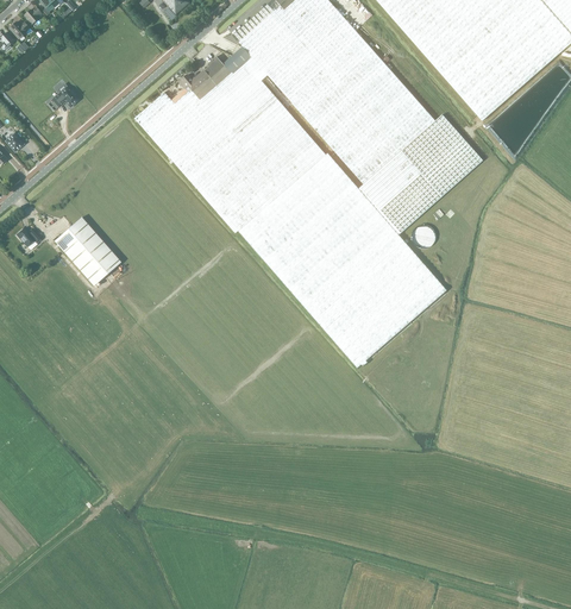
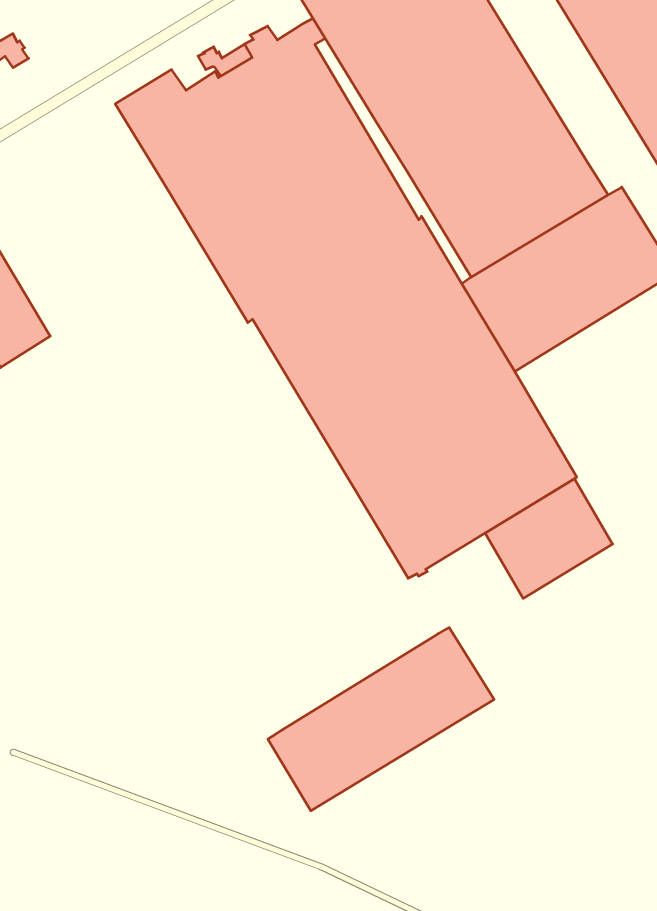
building: none -> [485,479,613,598]
building: none -> [268,628,494,811]

